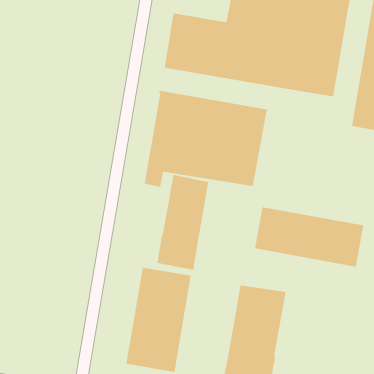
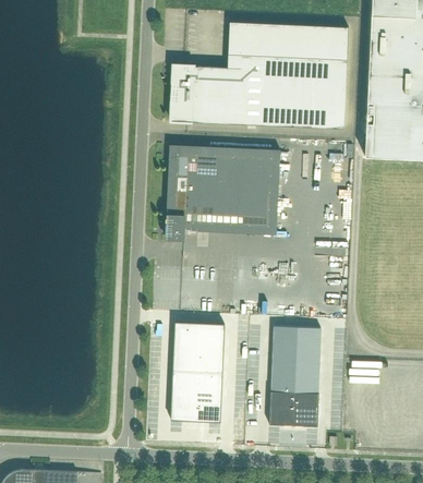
building: [157,174,209,270] -> none
building: [254,206,364,267] -> none

